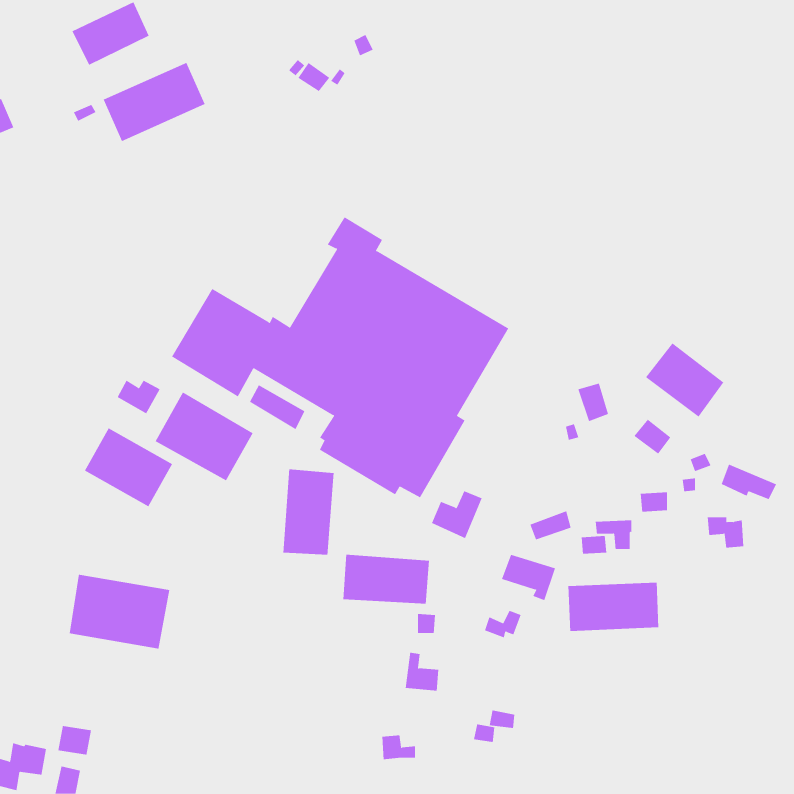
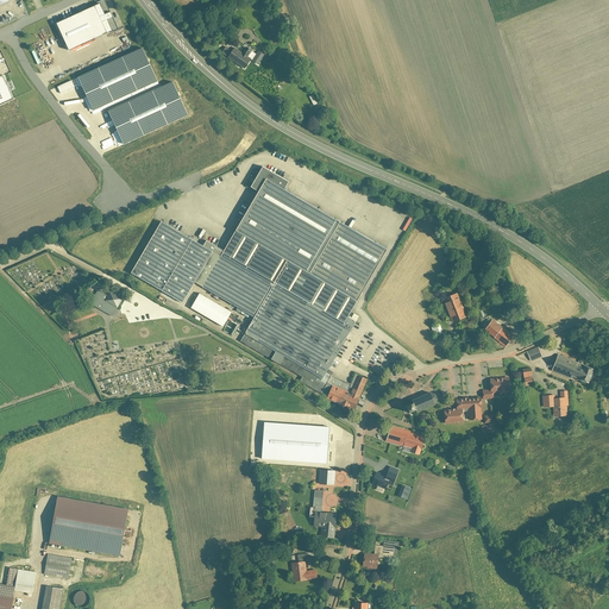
building: none -> [108,82,187,143]
building: [645,343,724,417] -> none
building: [155,392,253,481] -> none
building: [84,427,173,507] -> none
building: [283,469,334,555] -> none
building: [69,574,170,649] -> [49,497,126,554]
building: [568,582,659,632] -> none

